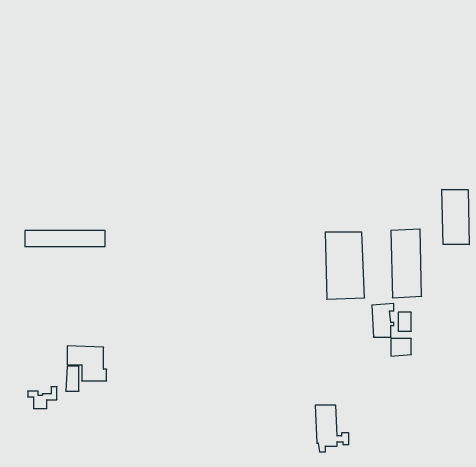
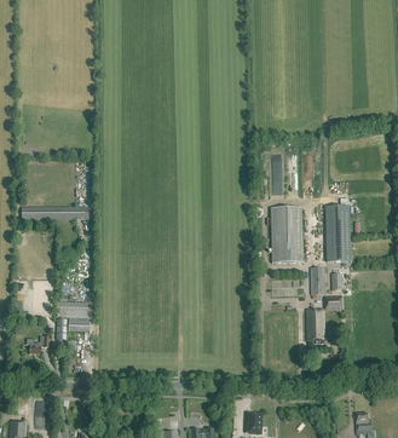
building: [442,189,469,245] -> none
building: [315,405,349,452] -> [306,309,334,347]

